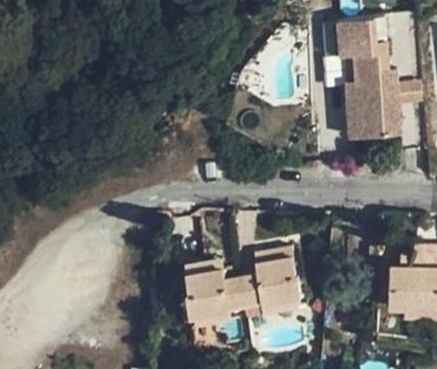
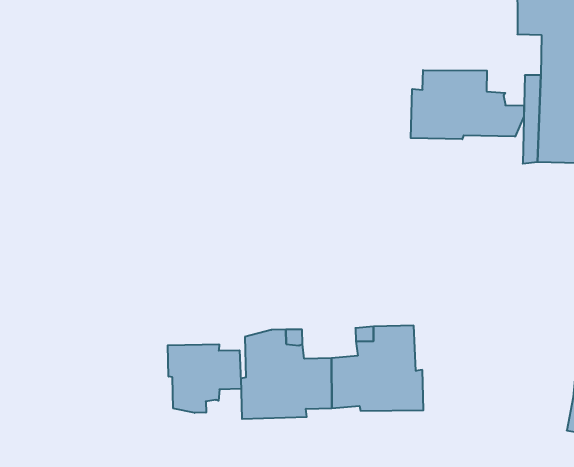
building: none -> [411,70,524,139]
building: none -> [168,344,241,413]

